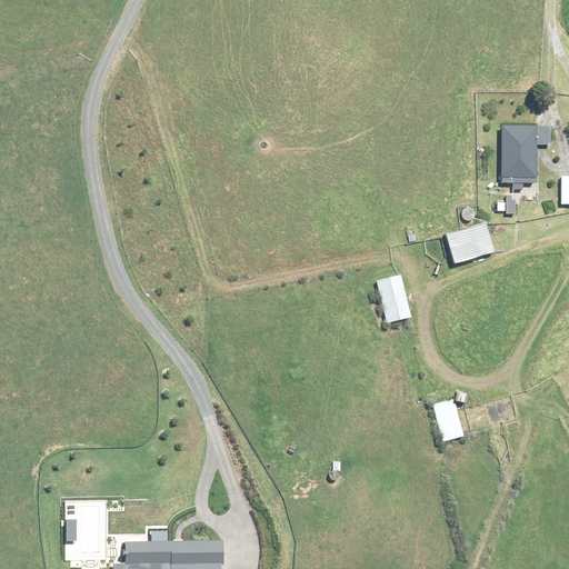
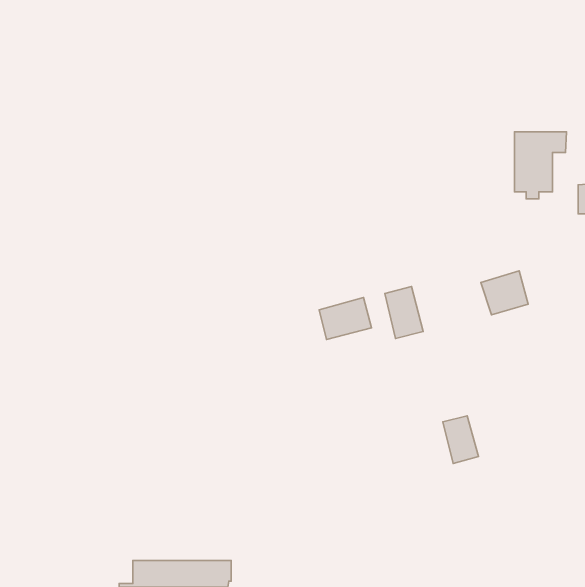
building: [445,223,490,266] -> [481,271,528,315]
building: none -> [319,297,371,339]

